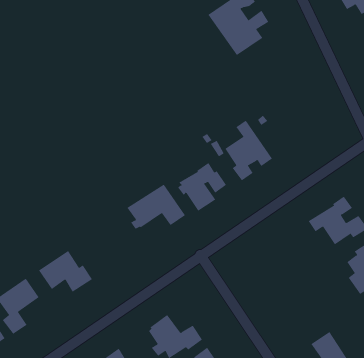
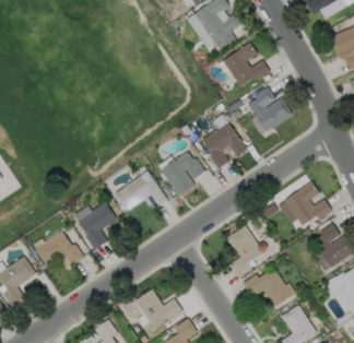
building: none -> [224,42,271,86]
building: none -> [249,86,293,134]
building: none -> [78,201,117,250]
building: none -> [228,225,268,277]
building: none -> [243,268,293,307]

